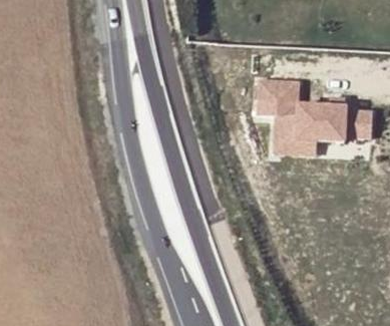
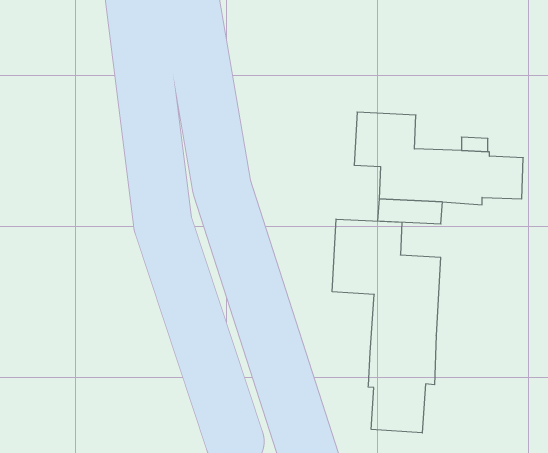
building: none -> [332,219,441,433]

